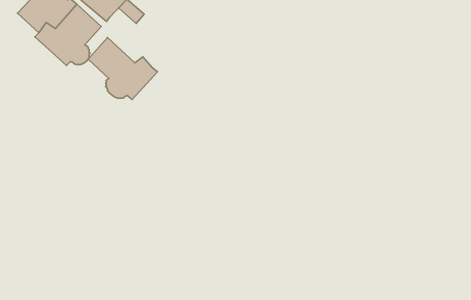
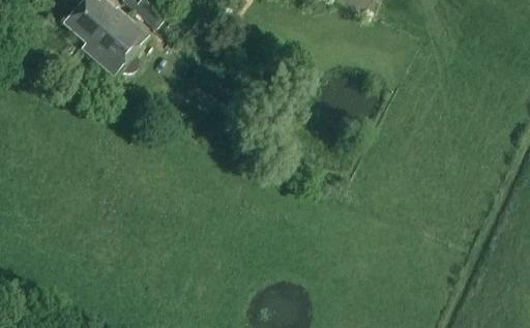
building: [88,37,157,100] -> none

